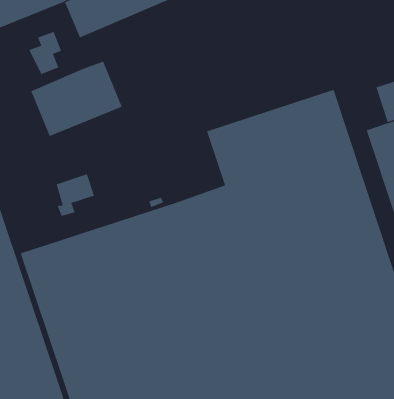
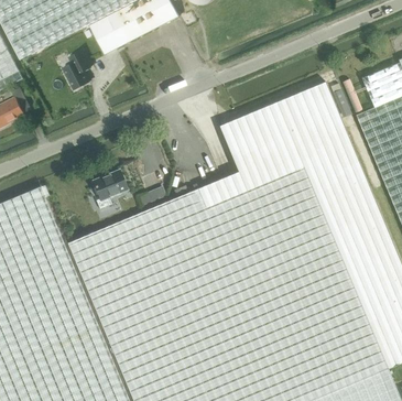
building: [31,61,123,137] -> none

